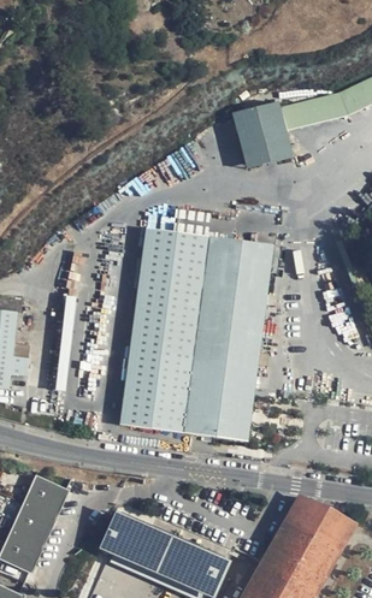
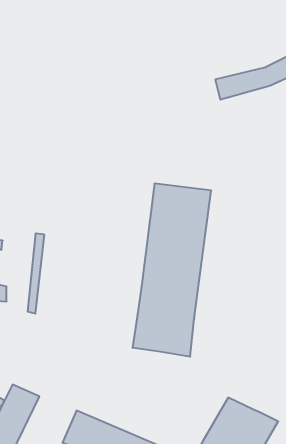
building: [231,101,293,168] -> none
building: [118,226,207,432] -> none

